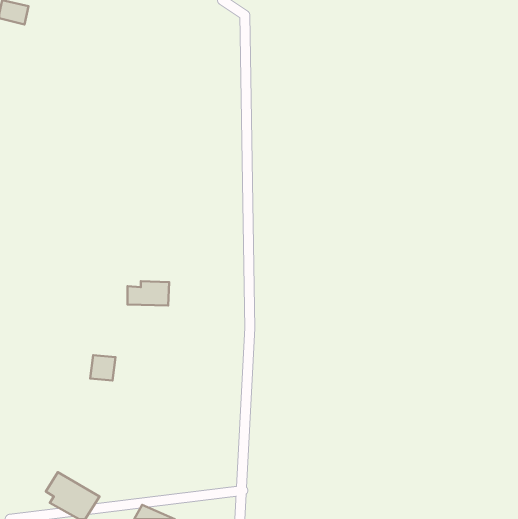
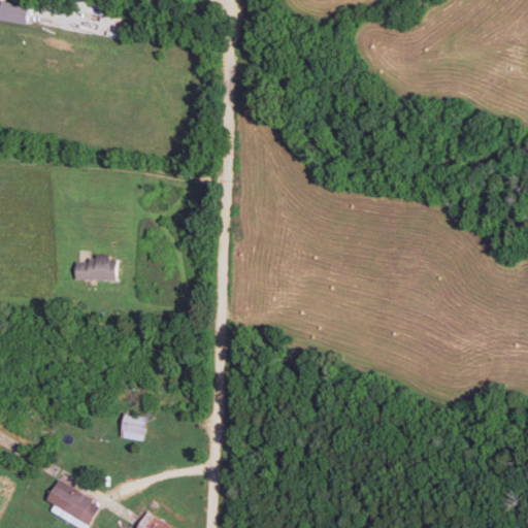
building: [128,281,169,305] -> [74,256,117,280]
building: [90,355,116,380] -> [120,414,145,439]

